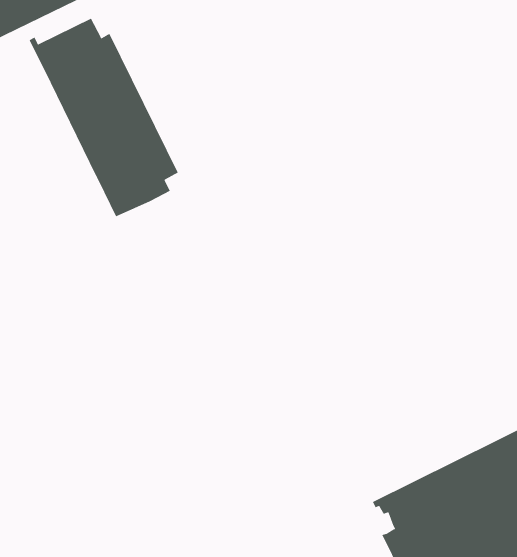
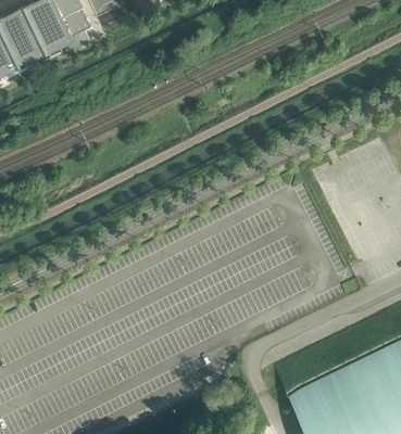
building: [29,18,178,217] -> none

